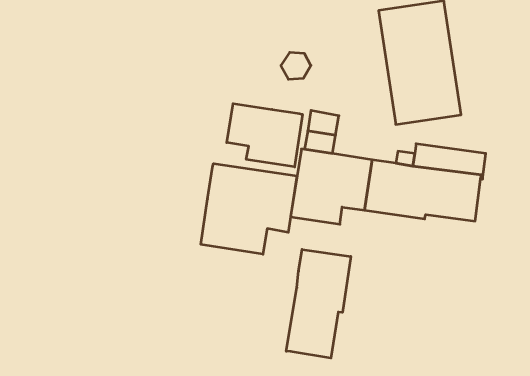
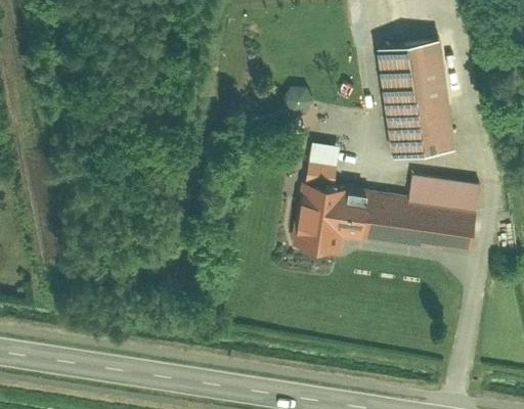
building: [227,104,302,167] -> none
building: [201,164,297,254] -> none
building: [286,249,351,358] -> none

